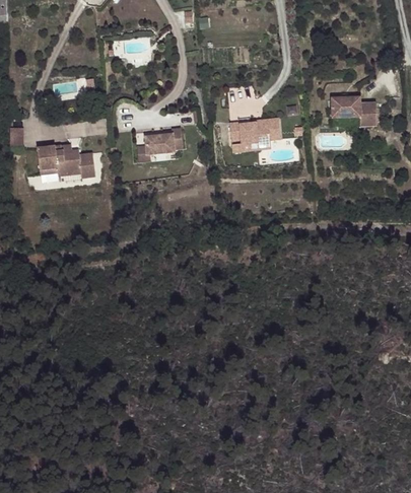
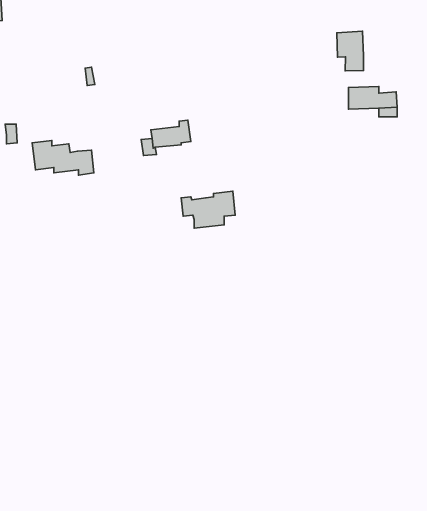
building: none -> [337,31,363,71]
building: [231,114,282,148] -> [181,191,235,228]

